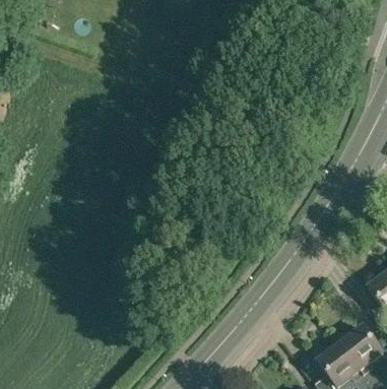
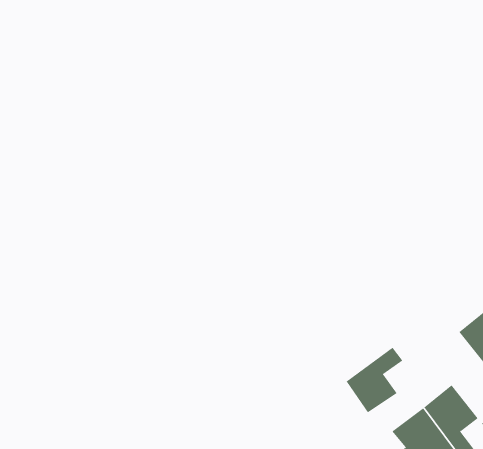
building: none -> [346,347,403,413]

